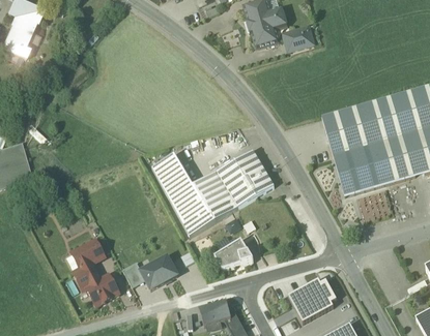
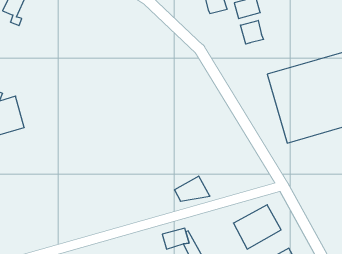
building: none -> [240,20,264,44]
building: [151,150,275,235] -> none
building: [67,240,119,305] -> none
building: [135,250,174,285] -> none

